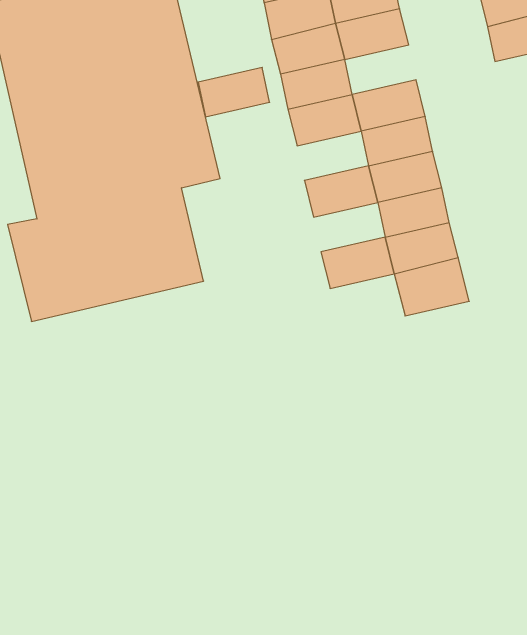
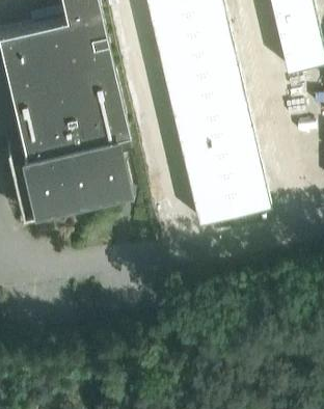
building: none -> [201,62,242,90]
building: [198,67,270,117] -> [174,111,215,139]
building: none -> [184,152,224,180]
building: none -> [193,192,236,225]

